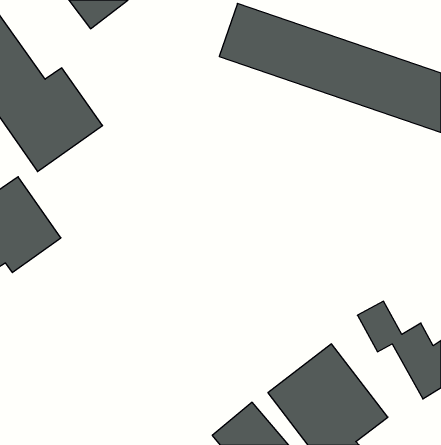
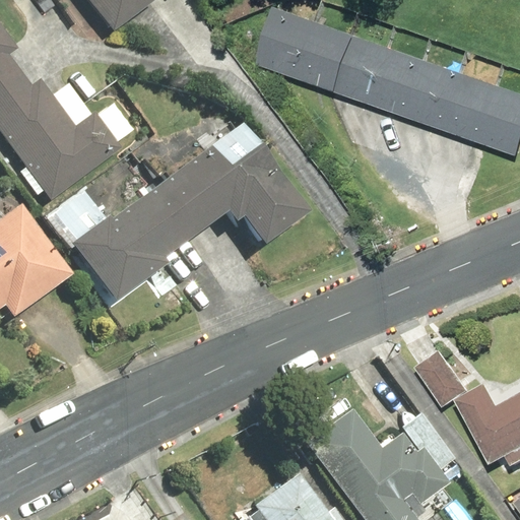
building: none -> [41,117,318,308]

